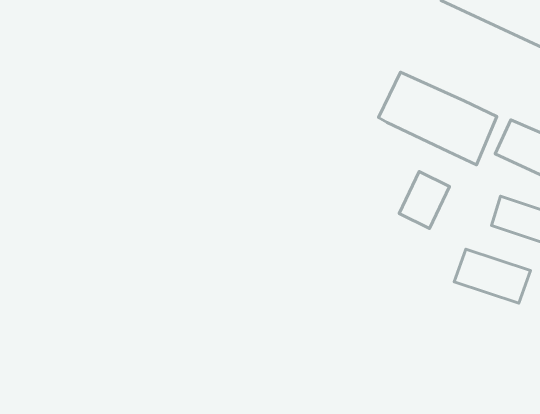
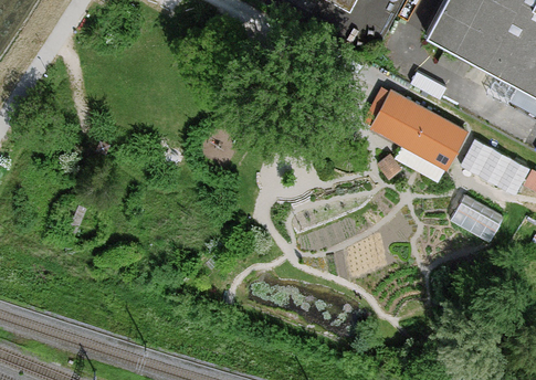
building: [399,172,449,229] -> none
building: [454,249,530,303] -> none

